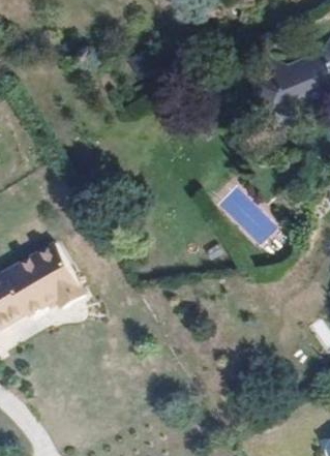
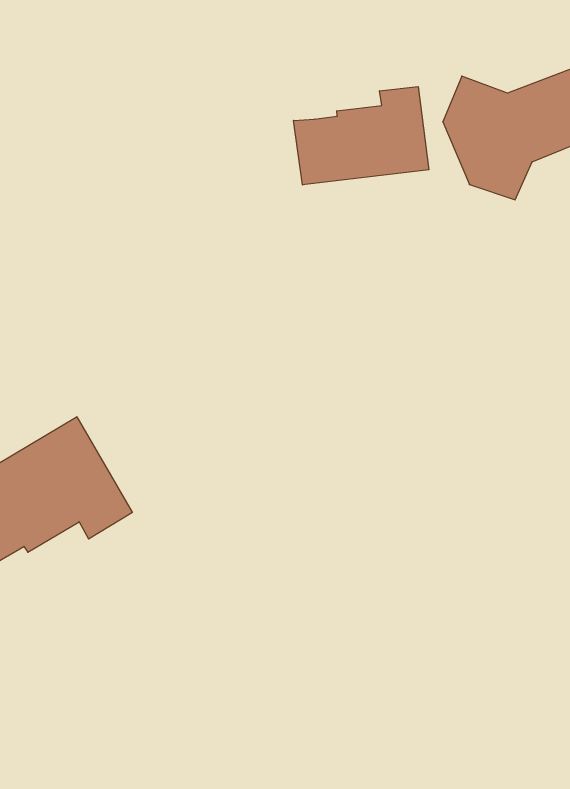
building: none -> [294,87,429,185]

